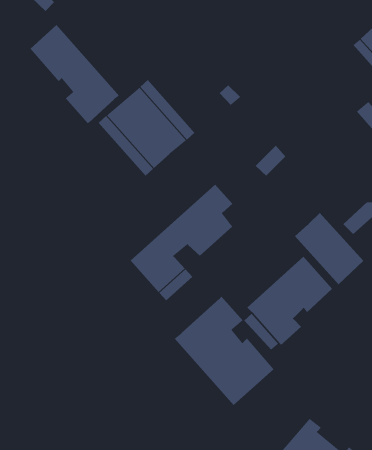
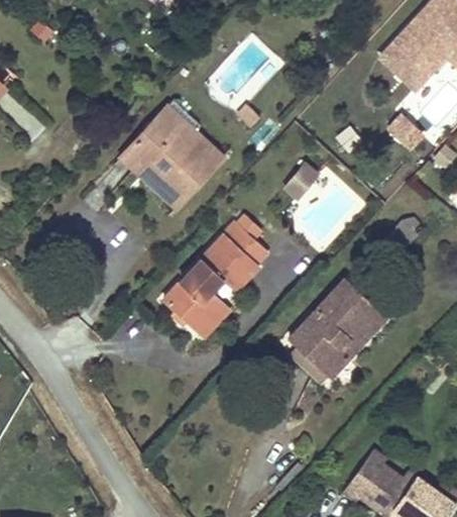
building: [30,24,120,124] -> none
building: [294,212,364,285] -> none
building: [174,296,274,406] -> none

